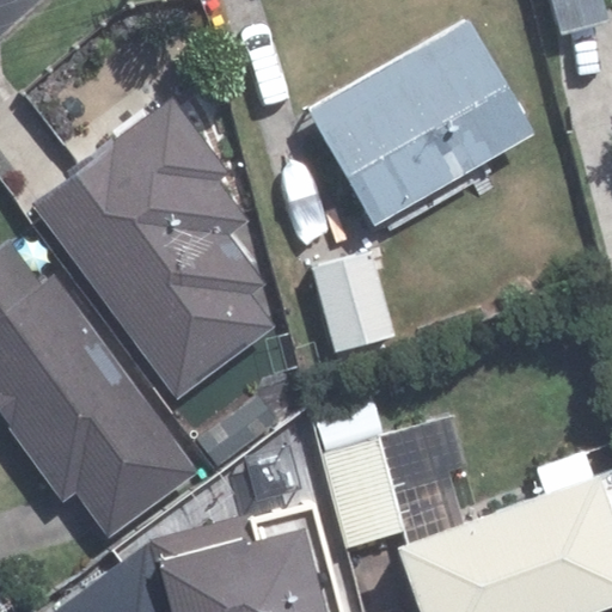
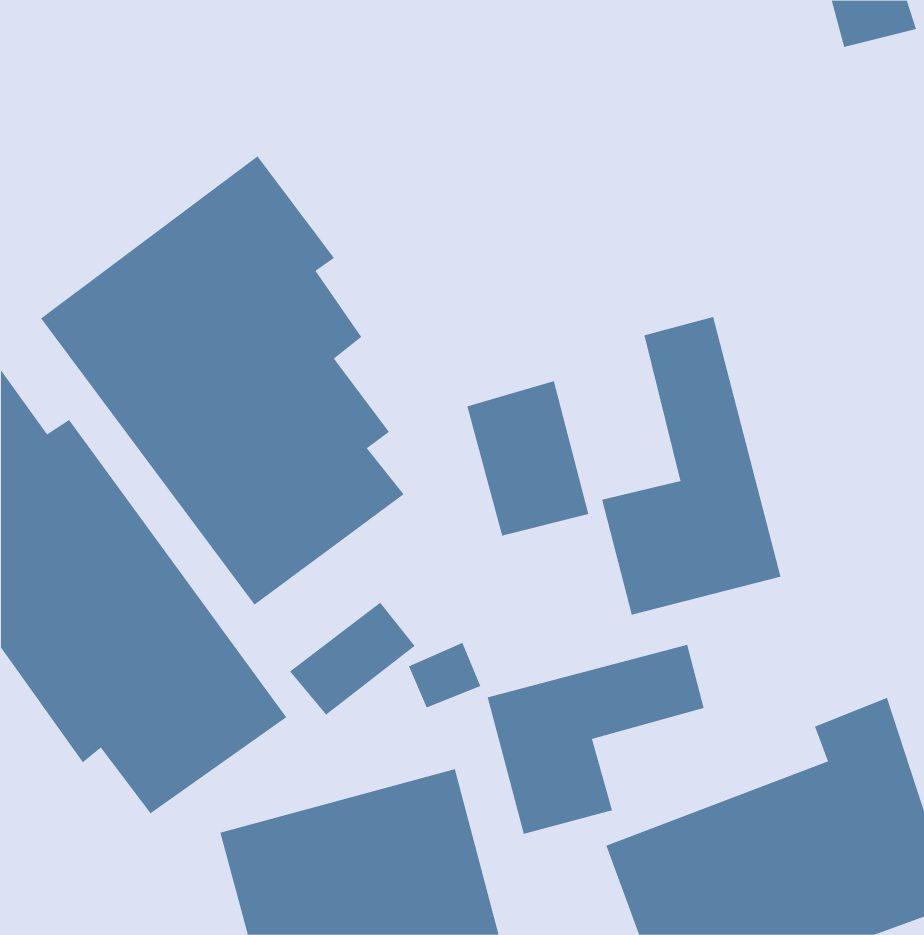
building: [307,20,527,220] -> none
building: none -> [601,316,781,616]

